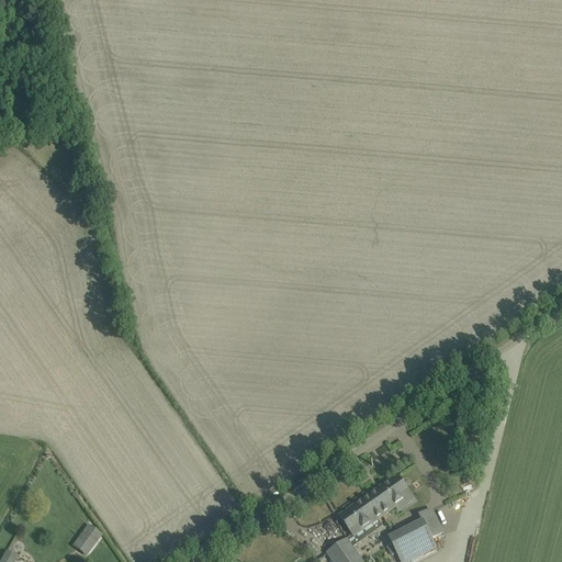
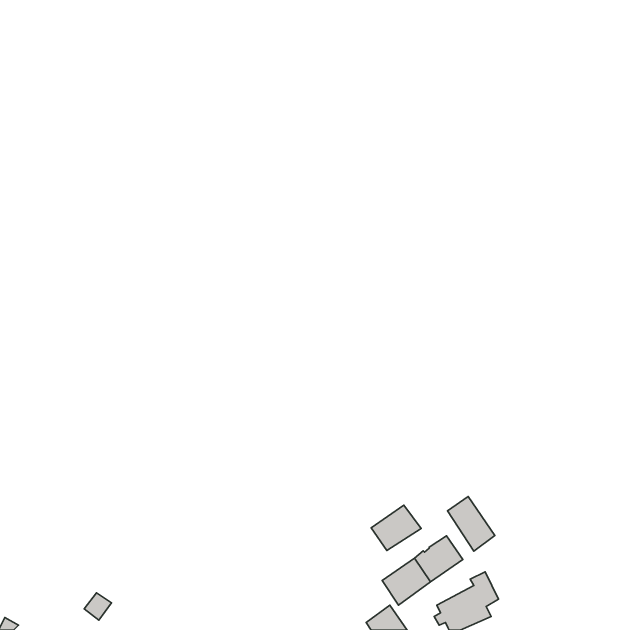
building: none -> [448,497,495,551]
building: none -> [371,505,421,551]

